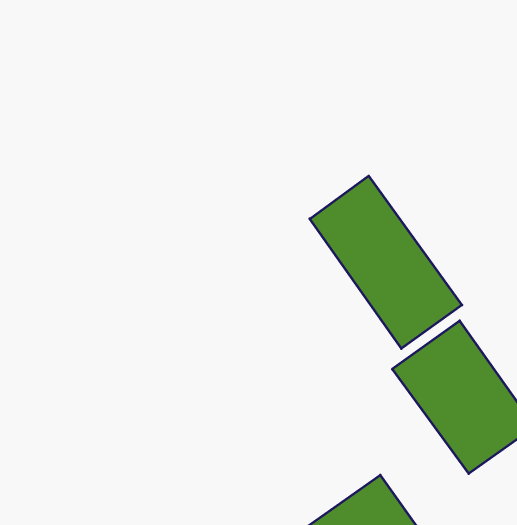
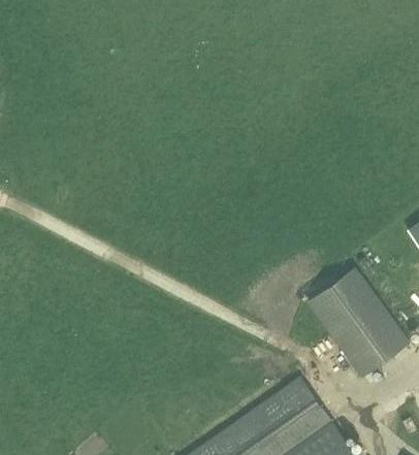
building: [310,176,462,349] -> none

